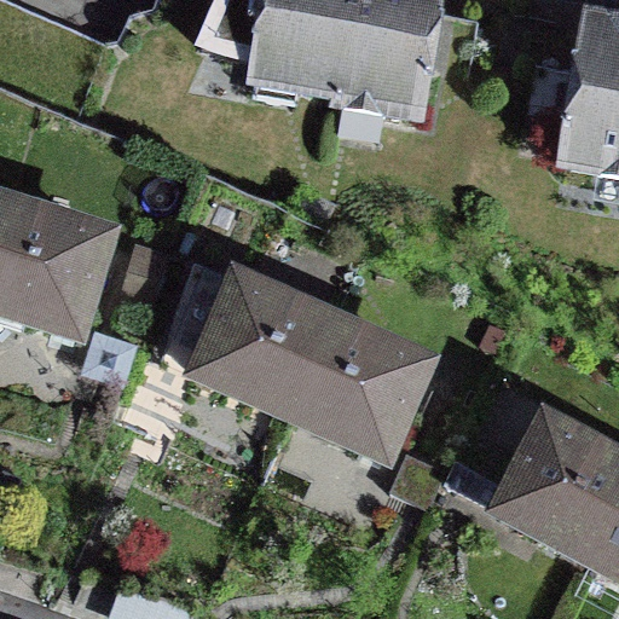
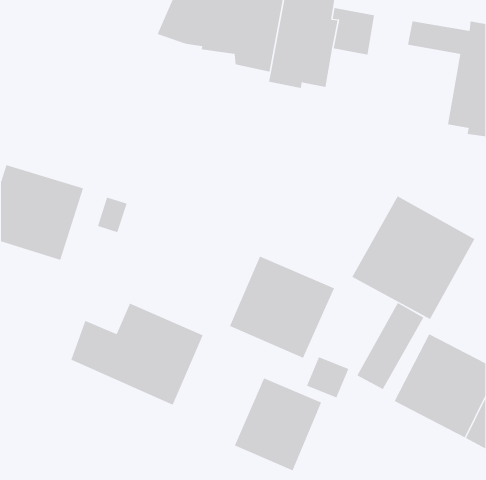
building: none -> [352,195,475,320]
building: [161,284,330,415] -> [71,303,204,406]
building: none -> [234,377,322,471]

